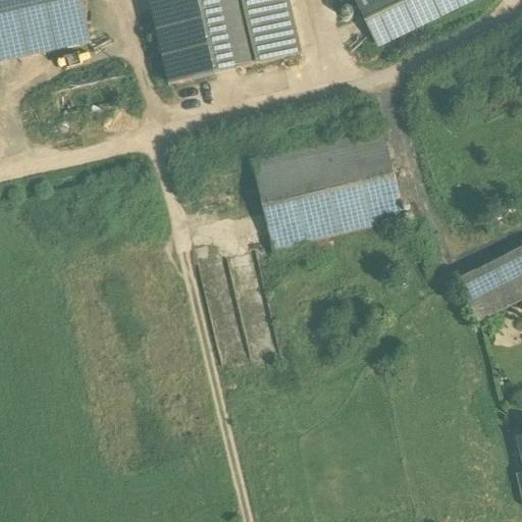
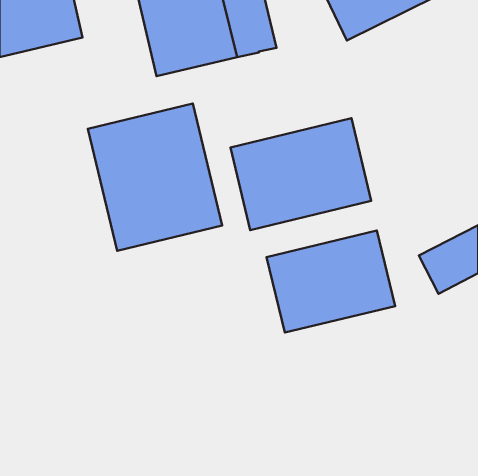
building: none -> [88,104,222,251]
building: none -> [267,231,395,333]

